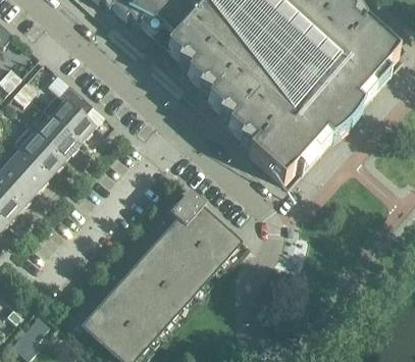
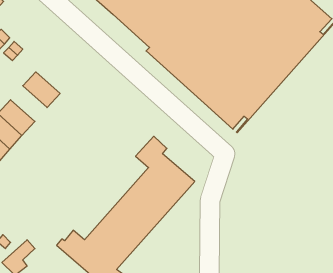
building: [48,76,99,136] -> none
building: [17,119,68,168] -> none

